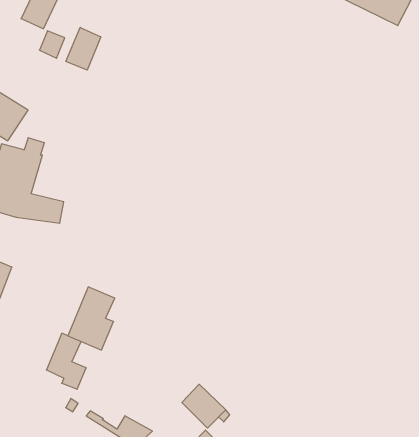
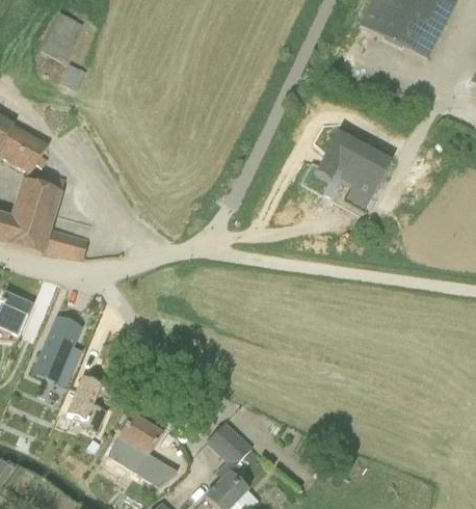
building: [66,27,101,70] -> none
building: none -> [317,144,391,206]
building: [68,287,115,350] -> [34,315,82,379]
building: none -> [112,412,161,467]

